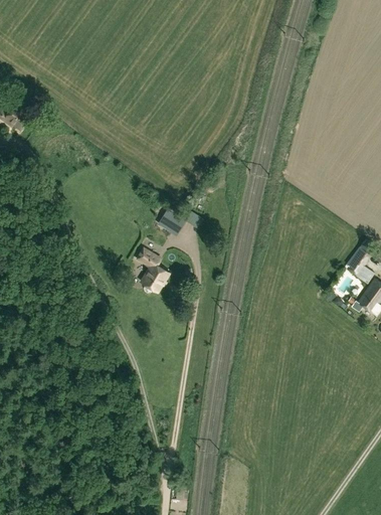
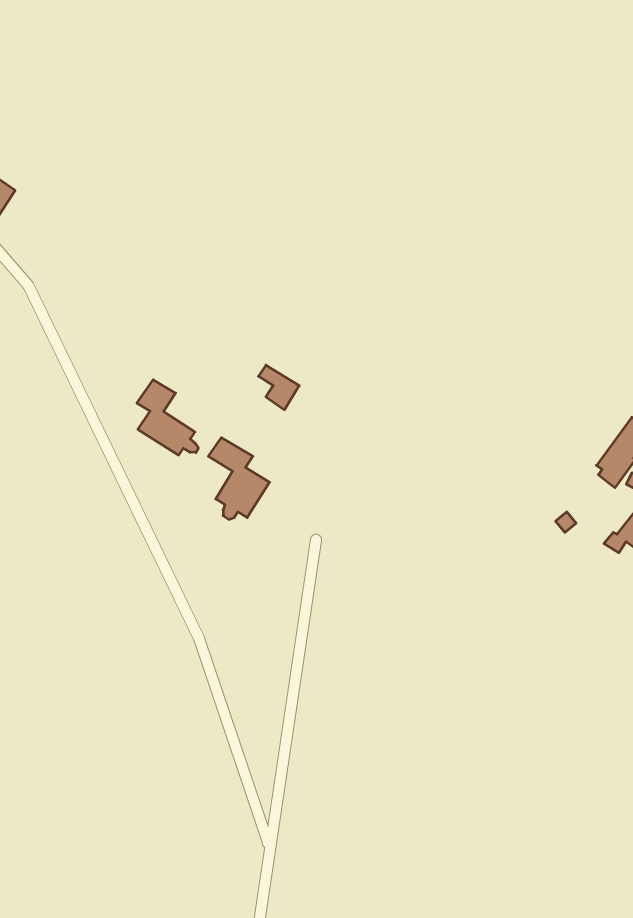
building: none -> [137,380,198,455]

